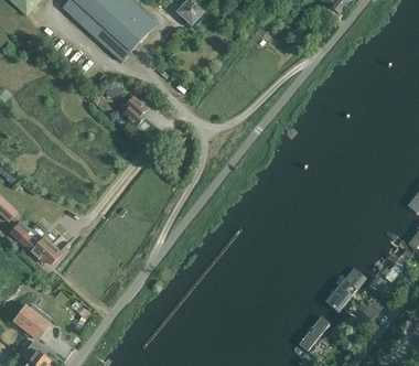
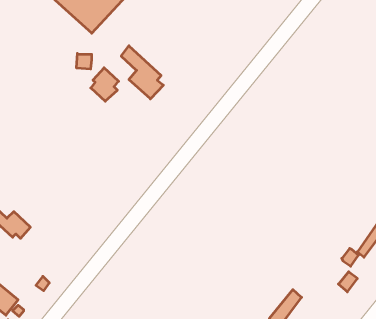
building: none -> [121,46,163,99]
building: [323,265,366,313] -> none

